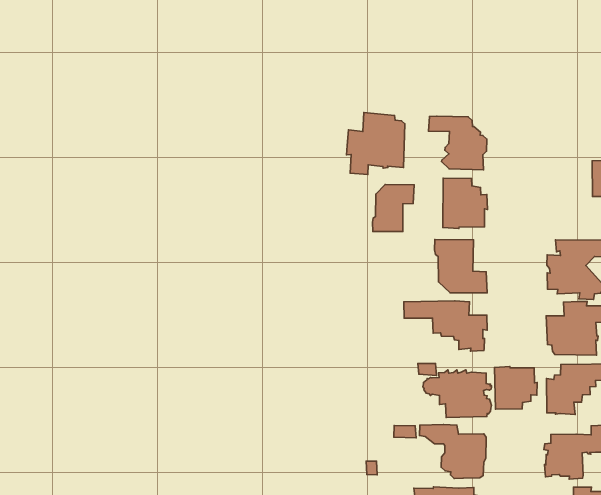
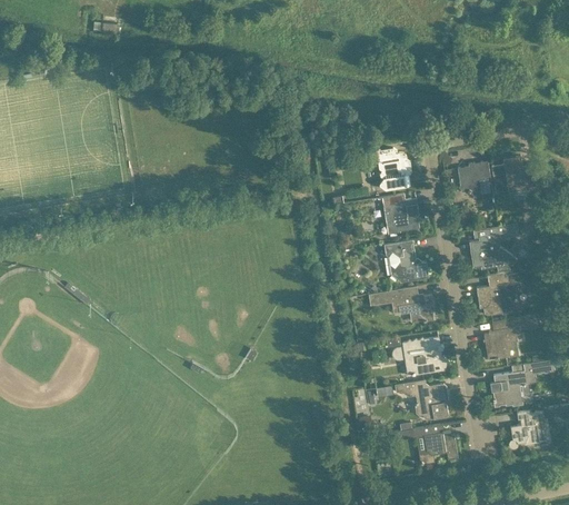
building: [346,113,405,174] -> none
building: none -> [457,160,493,199]
building: [373,185,414,232] -> none
building: [494,366,537,409] -> none

